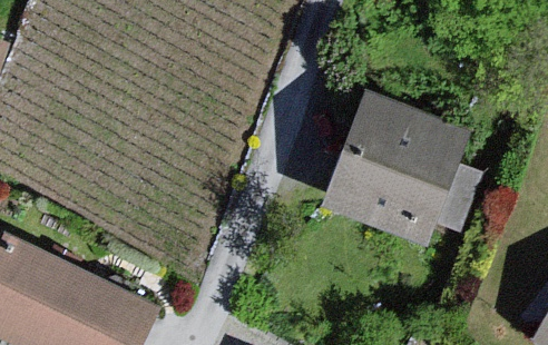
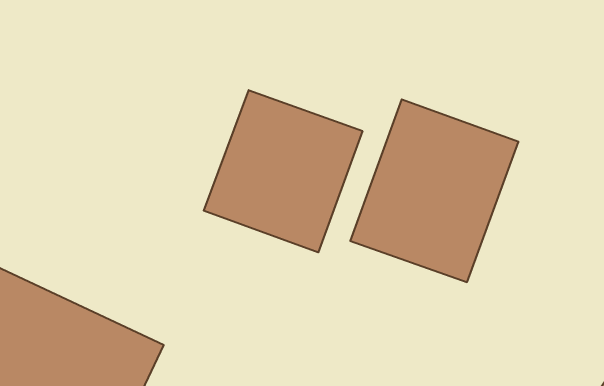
building: none -> [204,90,362,252]

